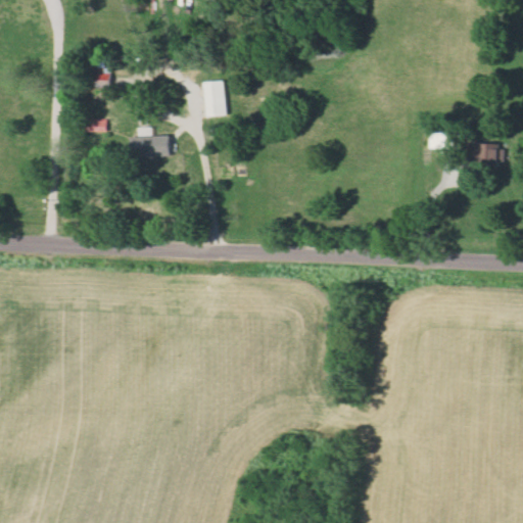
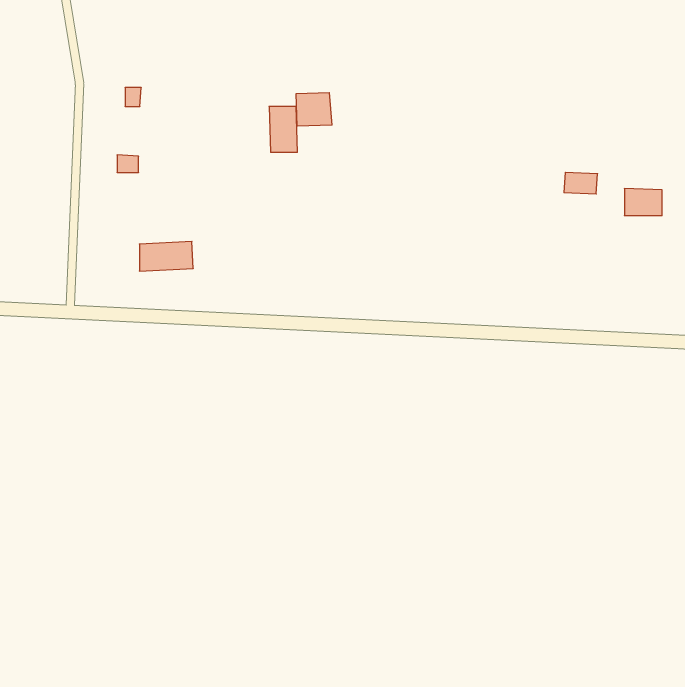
building: none -> [296,93,332,126]
building: [129,135,170,157] -> [139,241,193,271]

